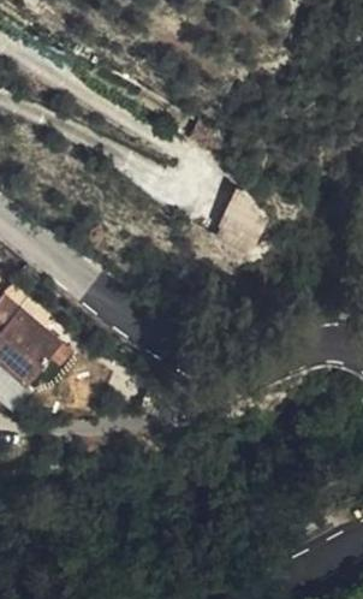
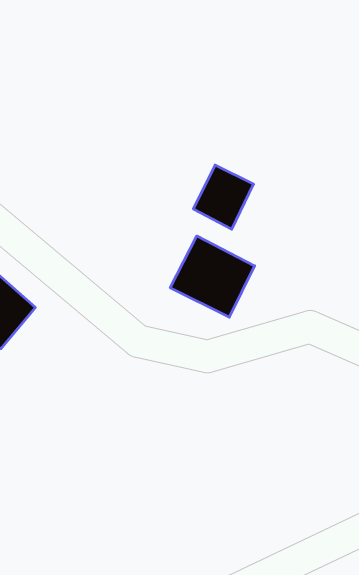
building: none -> [170,236,255,317]

